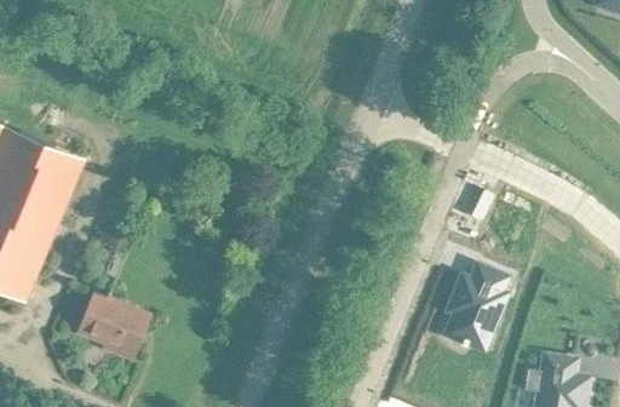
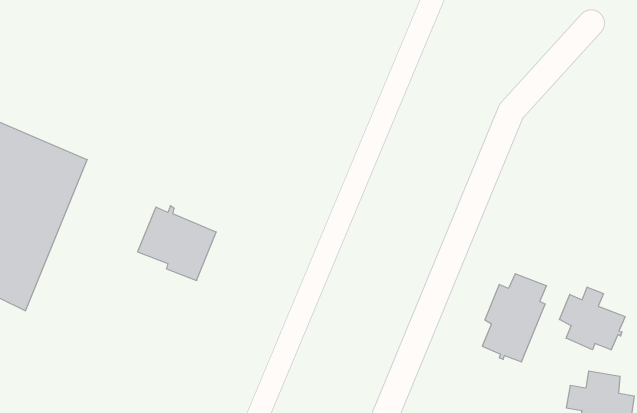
building: none -> [560,287,625,350]
building: [75,288,148,357] -> [138,206,216,281]

